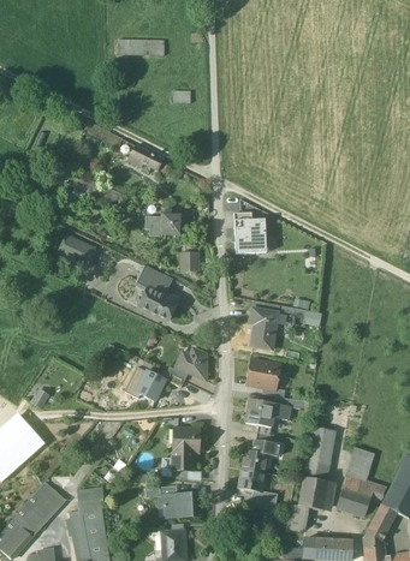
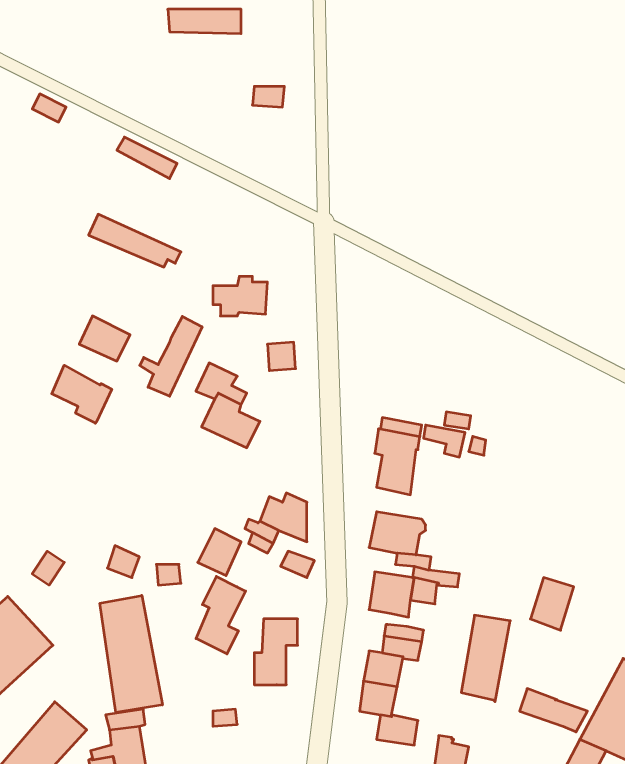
building: [127,144,162,174] -> none
building: [234,219,266,253] -> none
building: none -> [140,316,202,396]
building: none -> [52,365,112,423]
building: none -> [196,576,246,654]
building: none -> [100,595,162,713]
building: [346,447,374,481] -> [530,578,574,630]
building: [298,476,327,509] -> none
building: [335,488,369,515] -> none
building: [165,493,196,517] -> none

